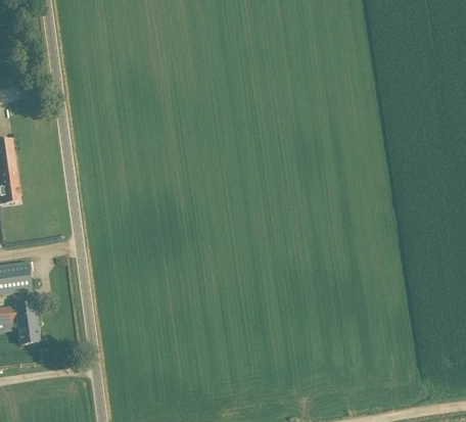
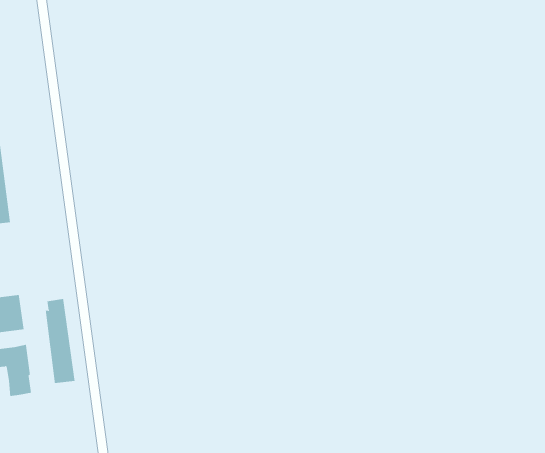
building: none -> [45,298,75,384]

